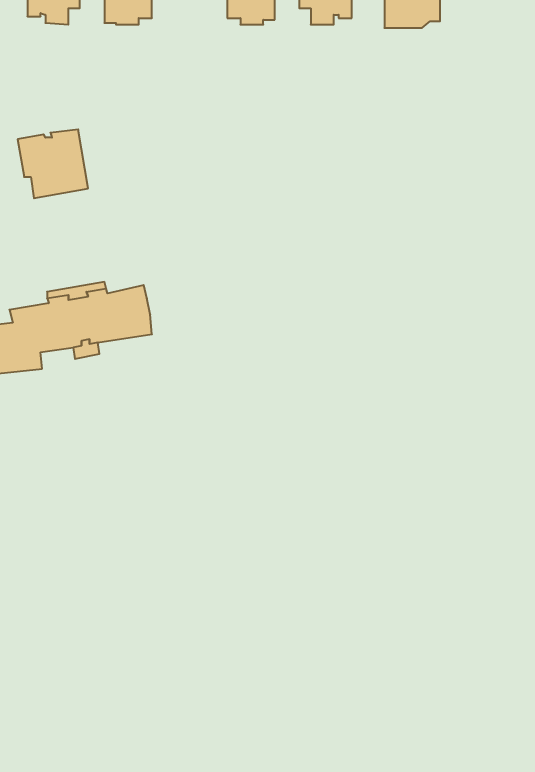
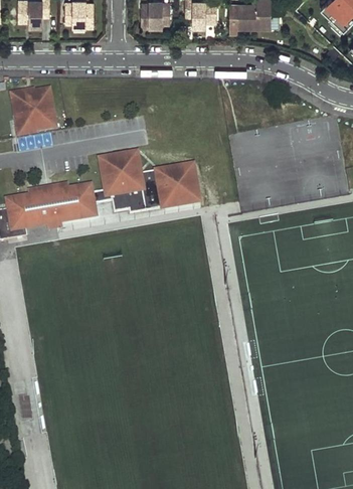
building: none -> [91,152,197,212]

